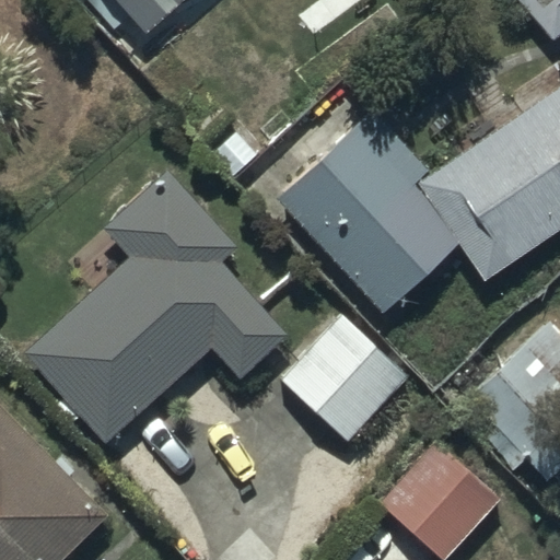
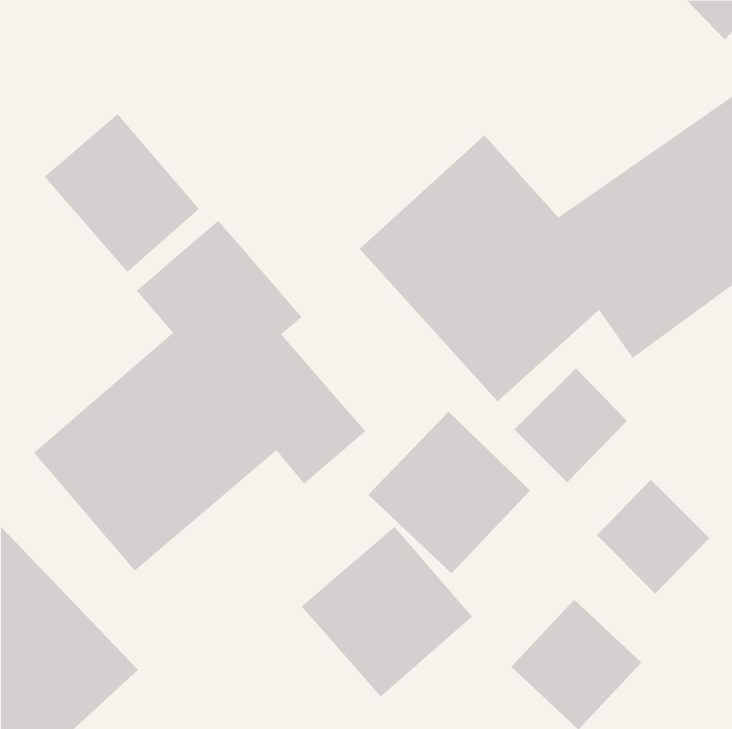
building: none -> [44,113,200,273]
building: none -> [301,526,473,697]

